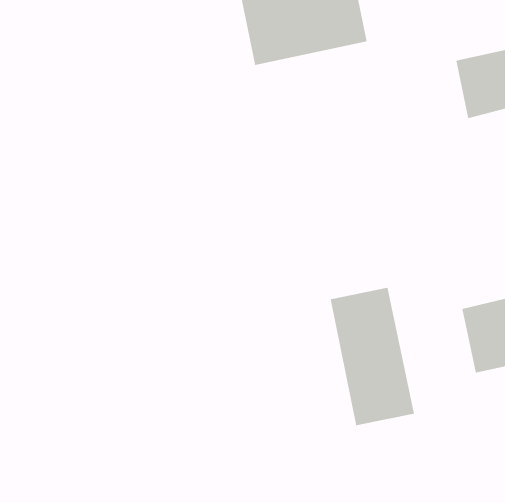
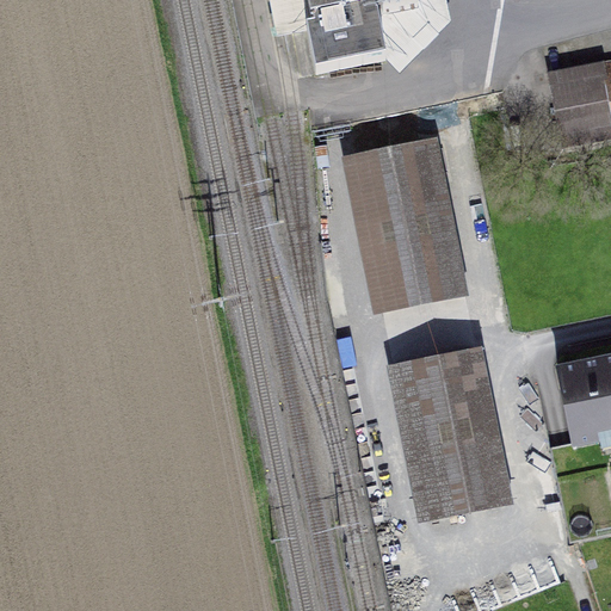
building: none -> [359,134,455,306]

